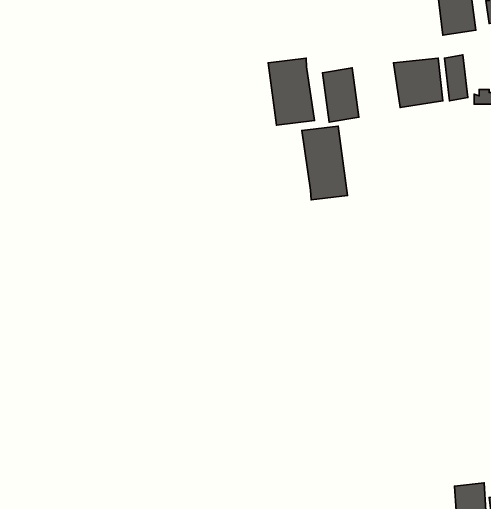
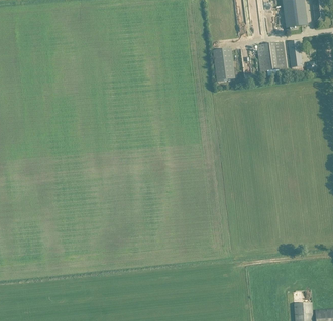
building: [268,58,314,125] -> none
building: [302,126,347,200] -> none

